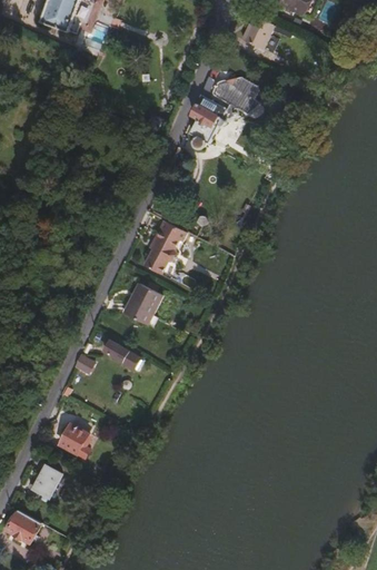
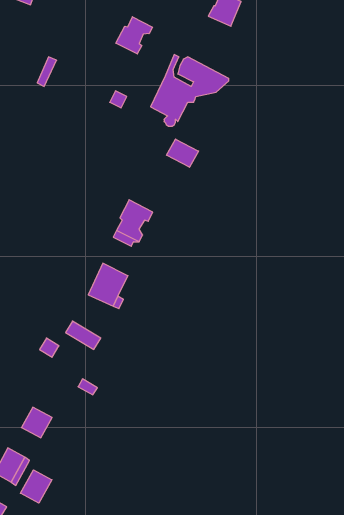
building: none -> [116,17,152,54]
building: none -> [167,139,199,167]
building: none -> [20,470,52,503]

